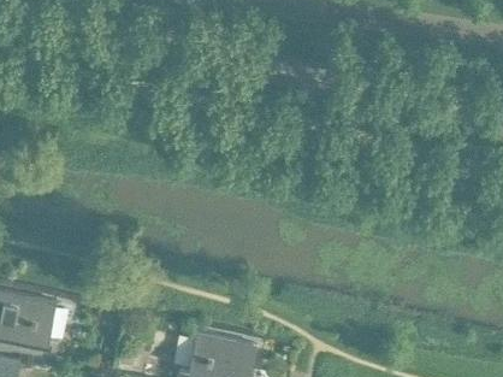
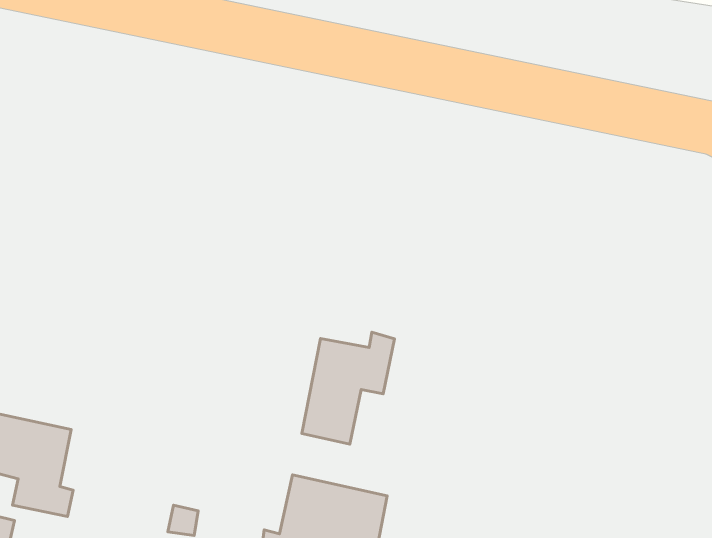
building: none -> [302,332,394,444]

